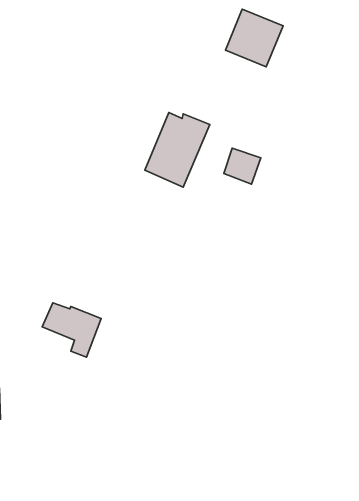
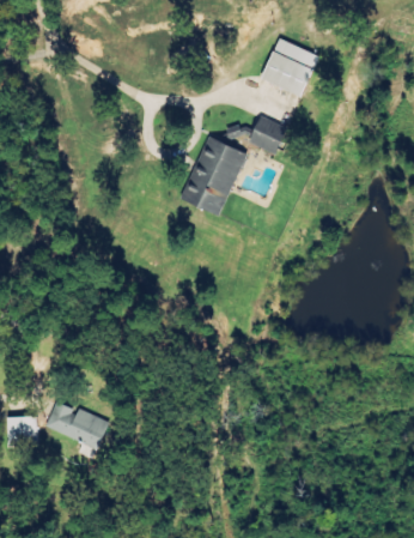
building: [224,148,261,184] -> [248,116,285,152]
building: [42,303,101,357] -> [49,404,108,458]

